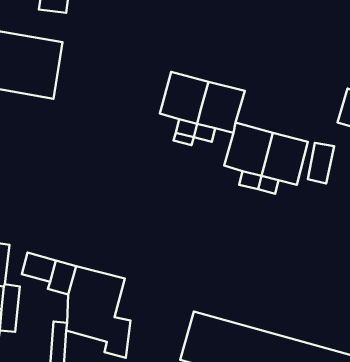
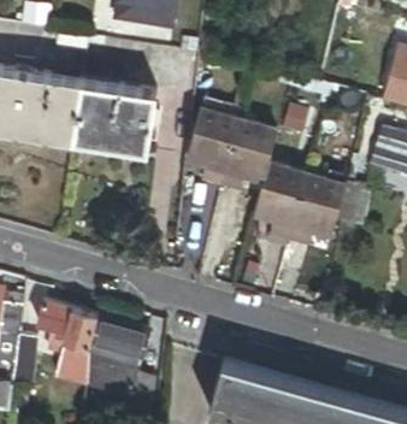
building: none -> [71,78,153,151]

